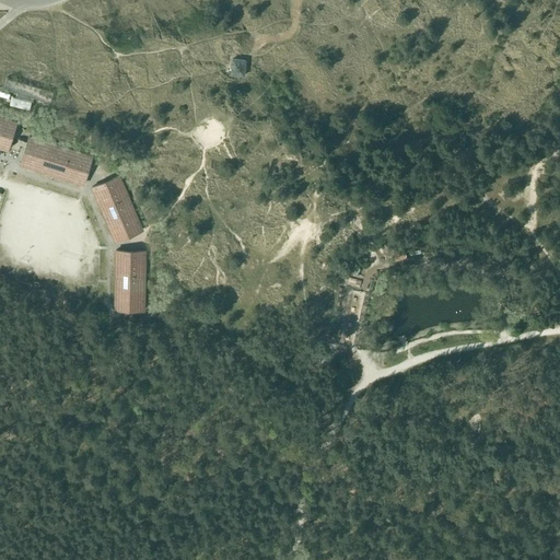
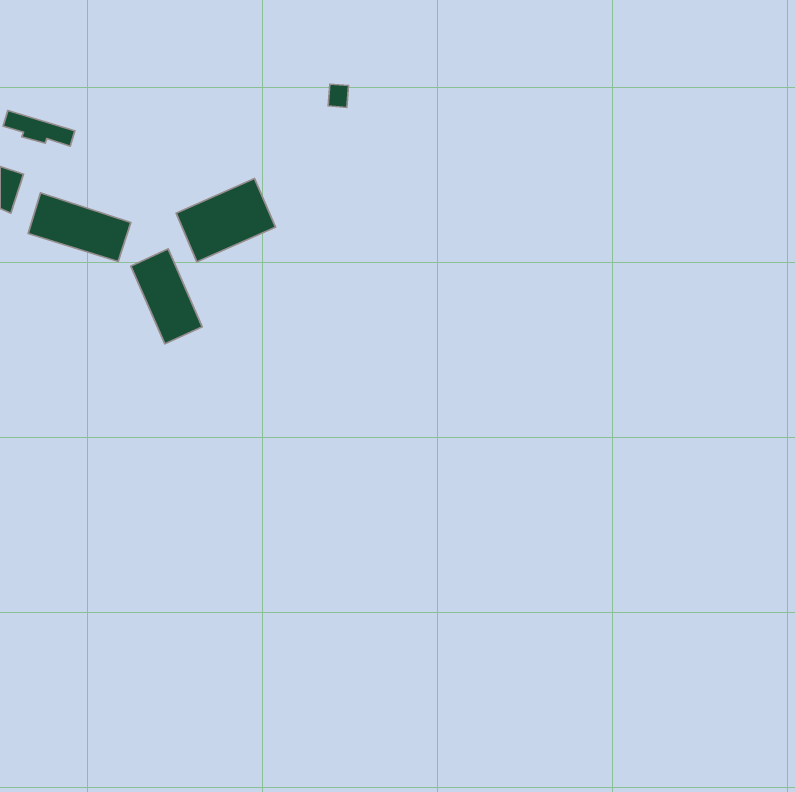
building: none -> [176,179,275,262]
building: [115,252,144,312] -> none

